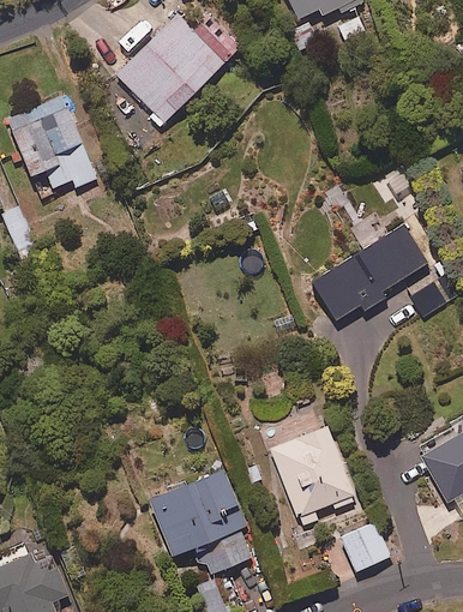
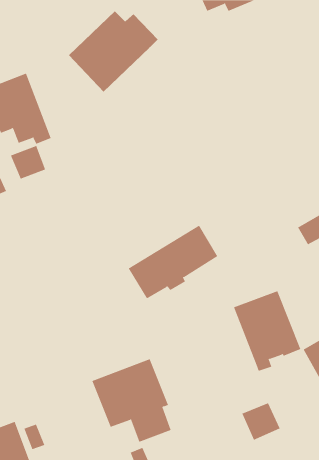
building: none -> [10,145,46,179]
building: [311,224,427,320] -> [128,225,218,299]
building: [269,426,356,530] -> [233,290,301,371]

